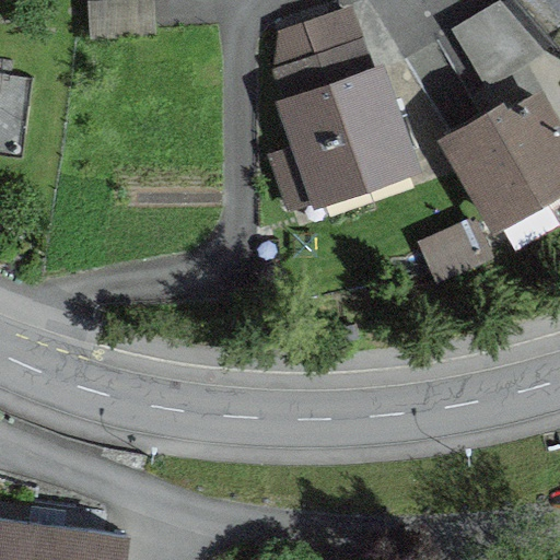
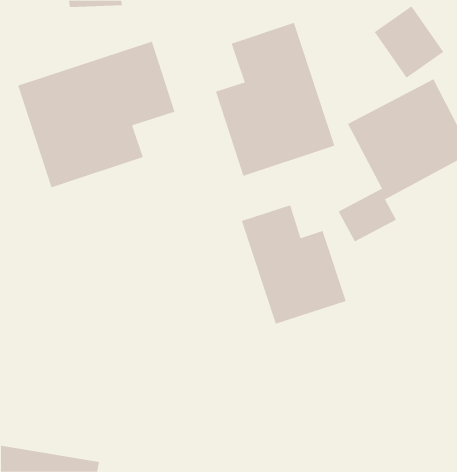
building: none -> [17,41,175,188]
building: none -> [241,205,346,325]

